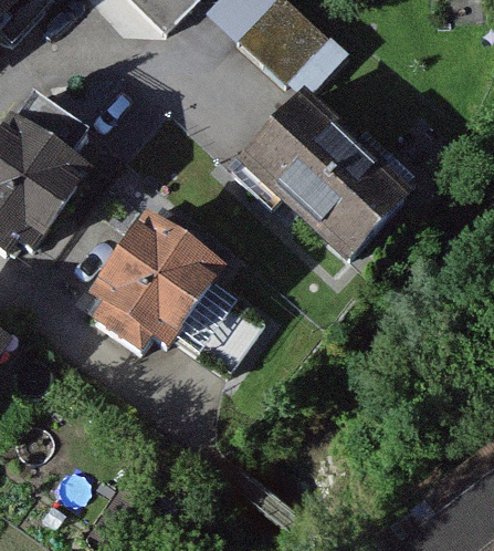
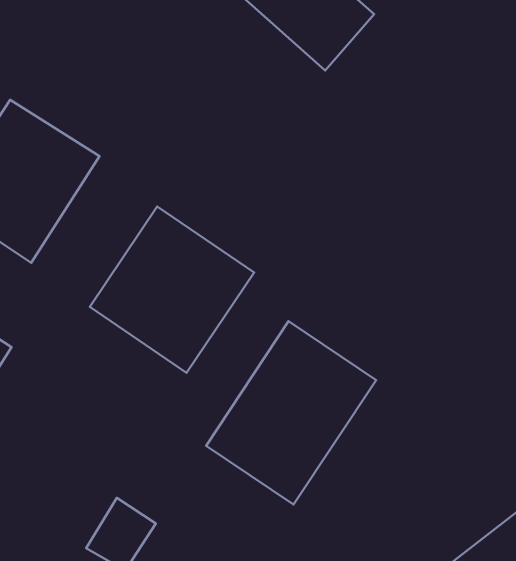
building: [238,93,414,264] -> none
building: none -> [206,321,376,505]

